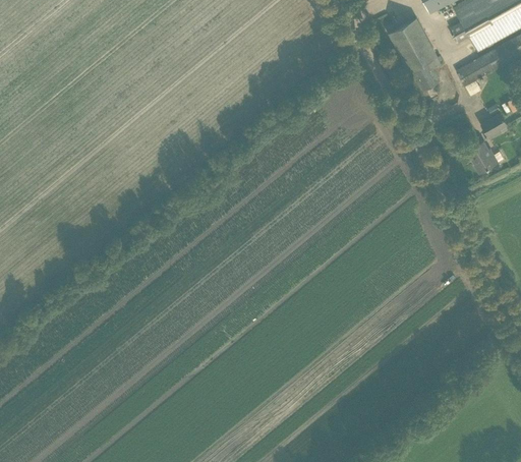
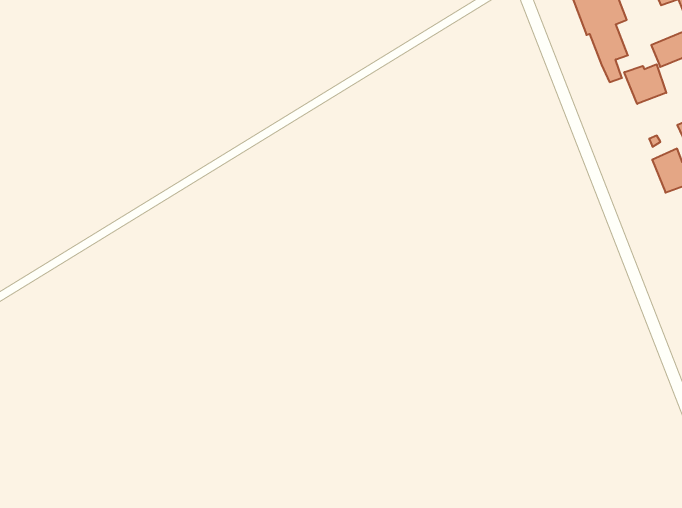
building: none -> [624,64,666,104]

